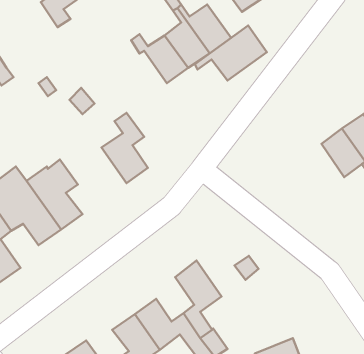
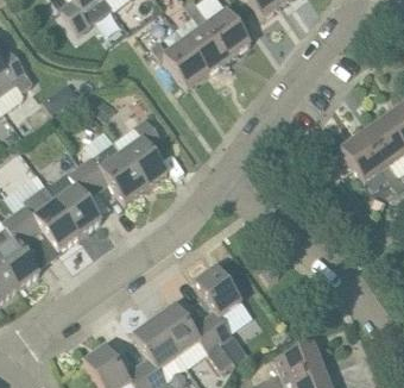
building: [195,26,267,80] -> none
building: none -> [80,142,146,202]

